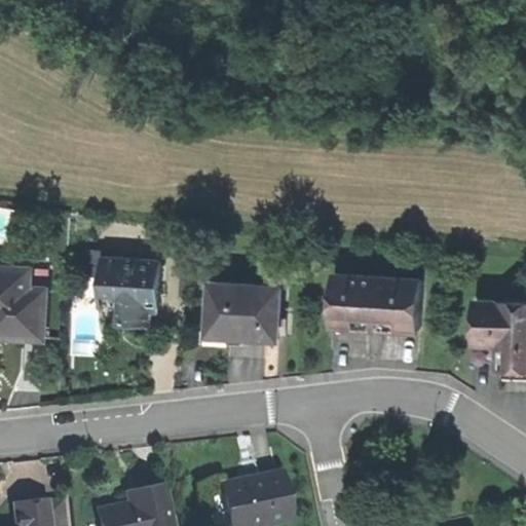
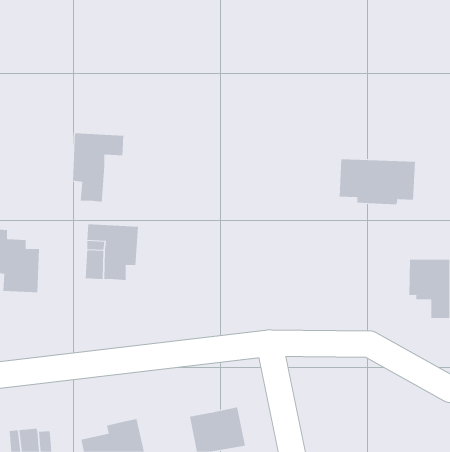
building: none -> [73,133,124,203]
building: [333,275,422,329] -> [339,159,416,205]
building: [210,283,280,339] -> none

